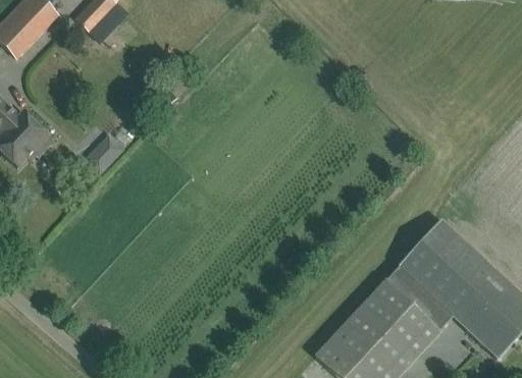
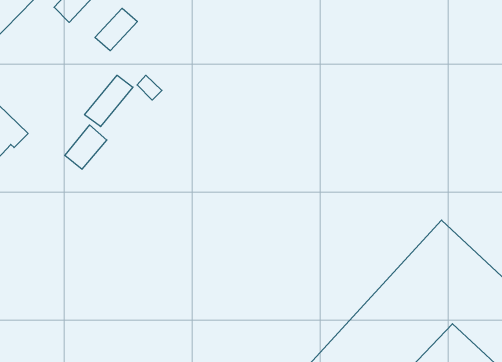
building: none -> [95,8,137,51]
building: none -> [85,75,133,127]

